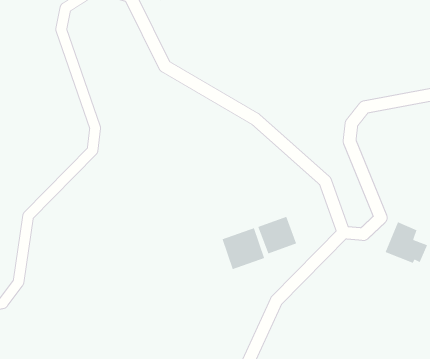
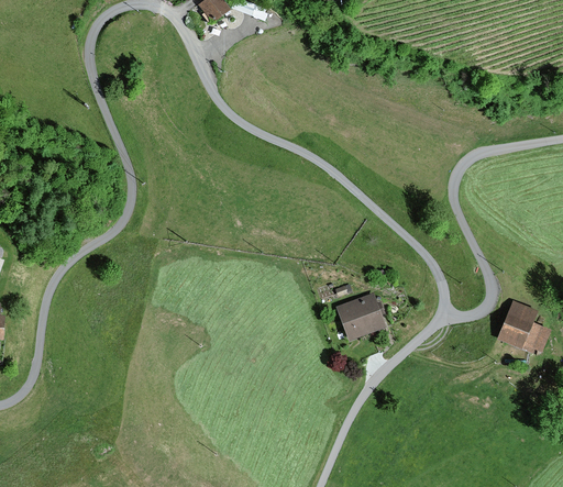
building: [222,227,265,270] -> none

